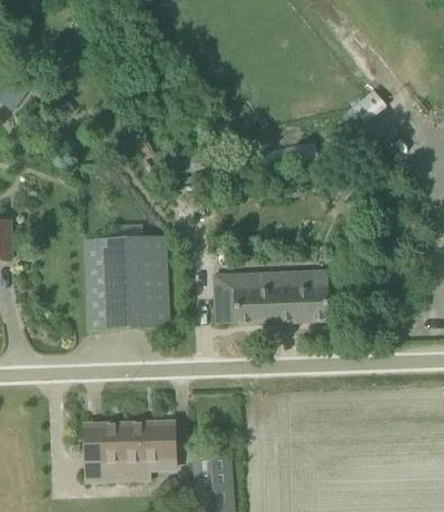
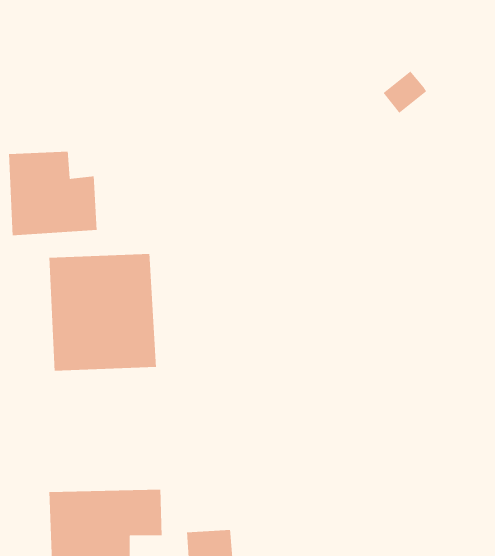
building: none -> [8,151,98,236]
building: [214,270,328,325] -> none

